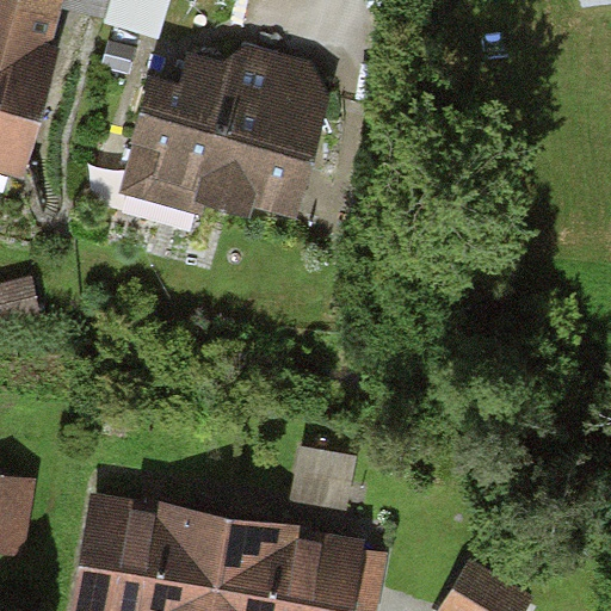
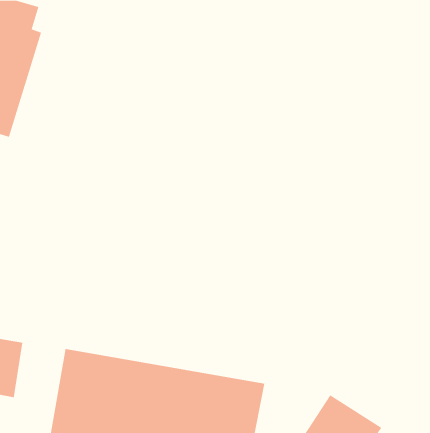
building: [122,58,338,227] -> none

